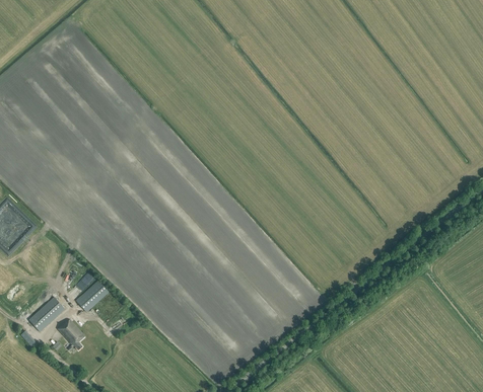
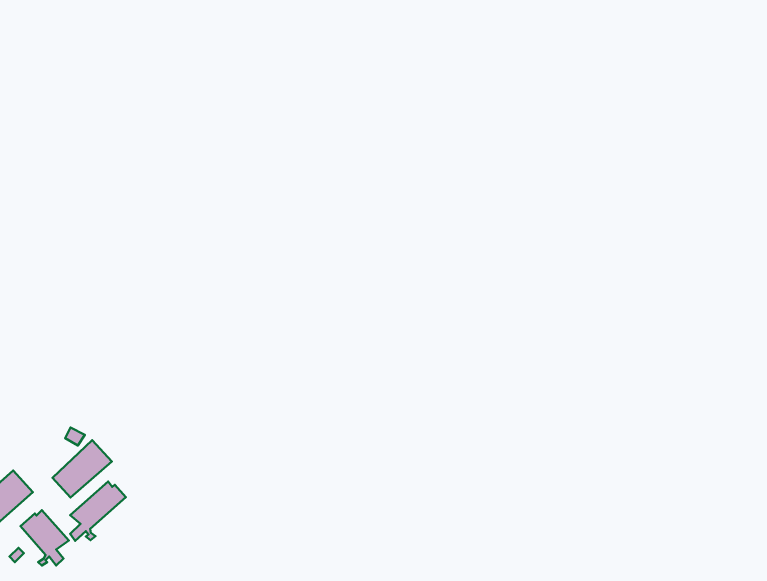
building: none -> [70,481,126,541]

